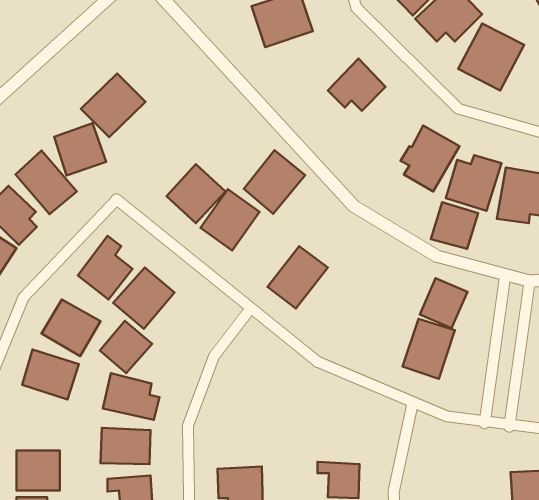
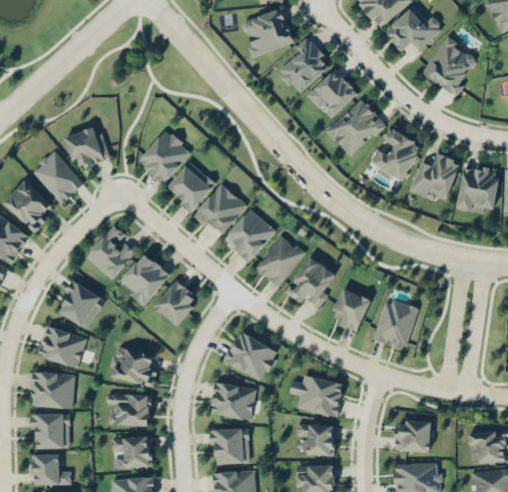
building: none -> [276,39,333,96]
building: [81,73,145,137] -> [136,129,193,185]
building: none -> [325,98,387,158]
building: [244,150,305,214] -> [222,208,277,265]
building: [431,202,478,249] -> none
building: none -> [287,256,340,306]
building: [420,278,467,328] -> [329,288,371,332]
building: [100,321,152,373] -> [153,280,199,326]
building: none -> [222,331,280,383]
building: none -> [31,372,78,409]
building: none -> [294,374,345,418]
building: none -> [209,382,256,420]
building: none -> [394,421,432,452]

